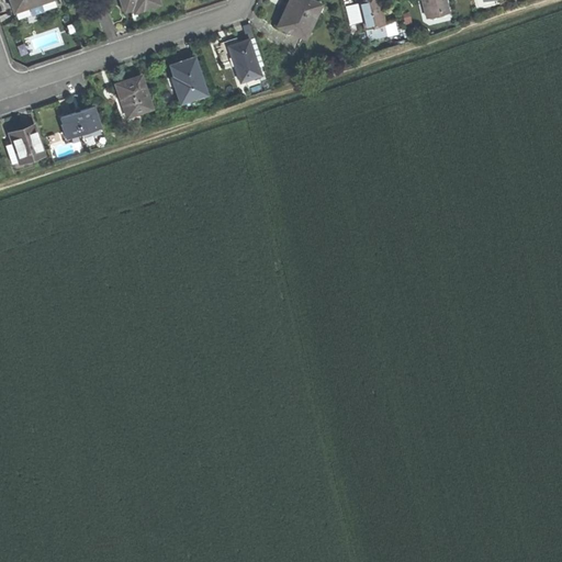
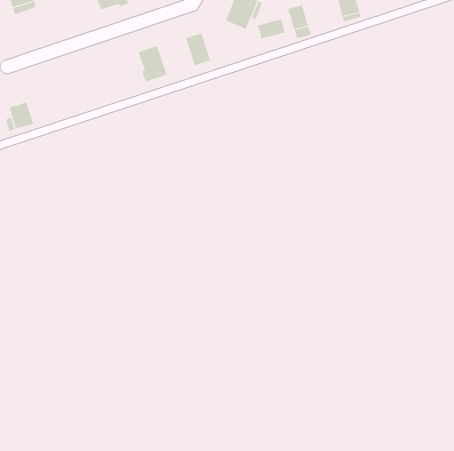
building: none -> [257,18,285,39]
building: [117,75,153,115] -> none
building: [61,105,100,137] -> none

